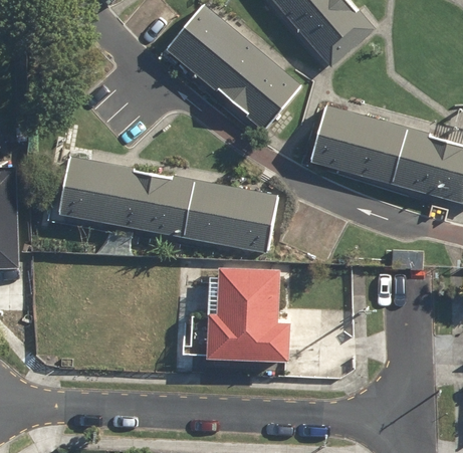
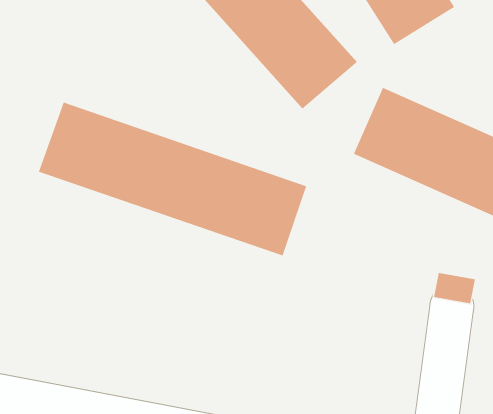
building: [201,268,286,366] -> none

